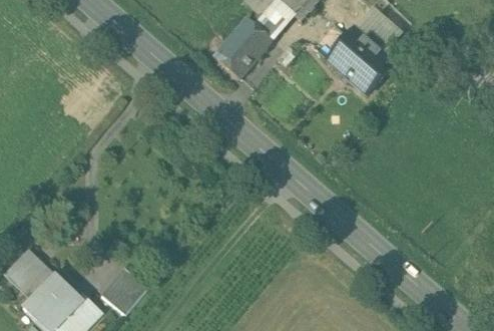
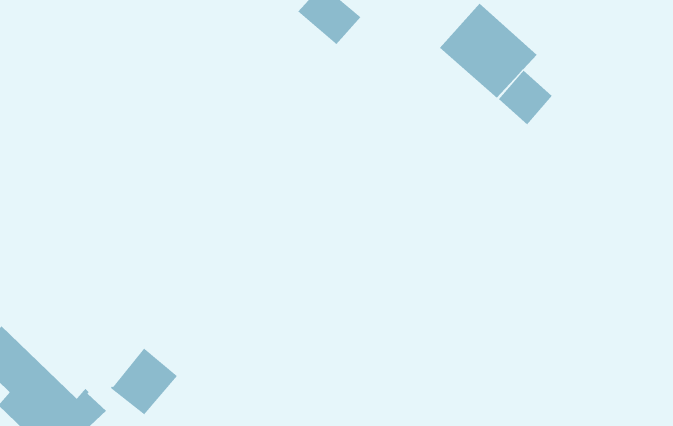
building: [213,34,258,77] -> none
building: none -> [498,70,553,125]

